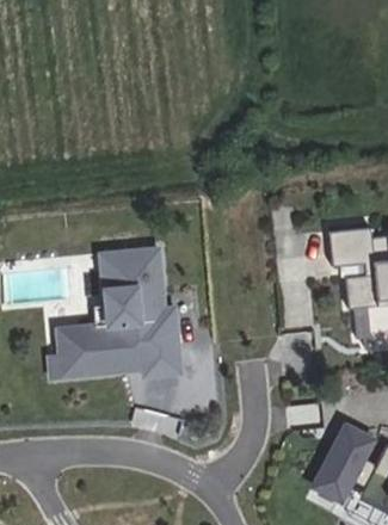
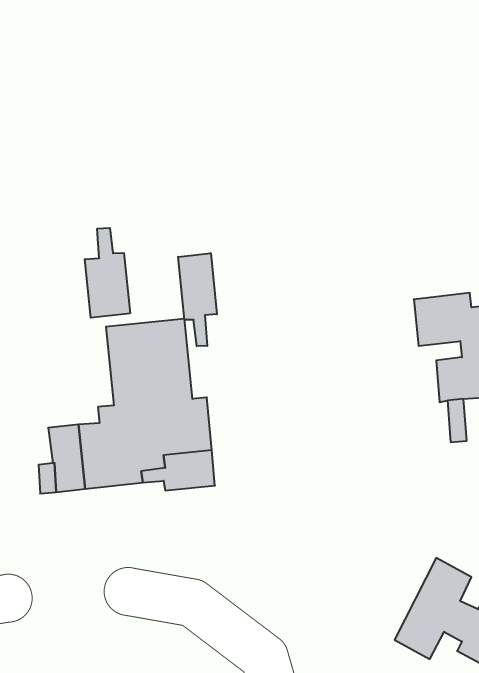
building: none -> [85,228,130,318]
building: none -> [178,253,217,346]

